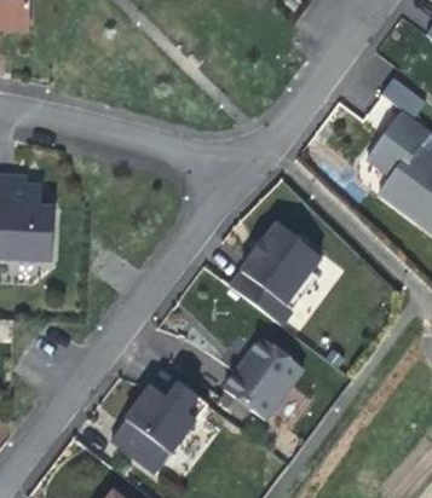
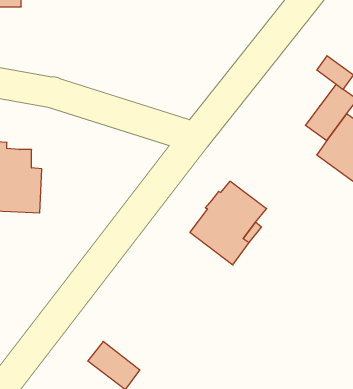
building: [223,336,303,417] -> none
building: [127,369,206,448] -> none

